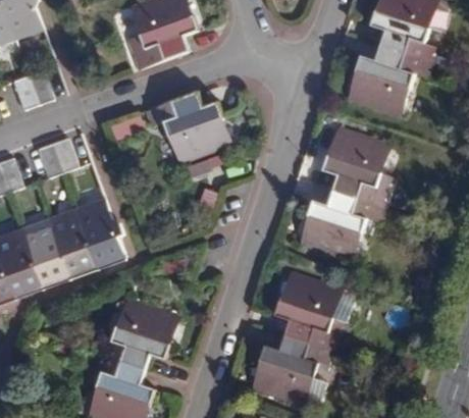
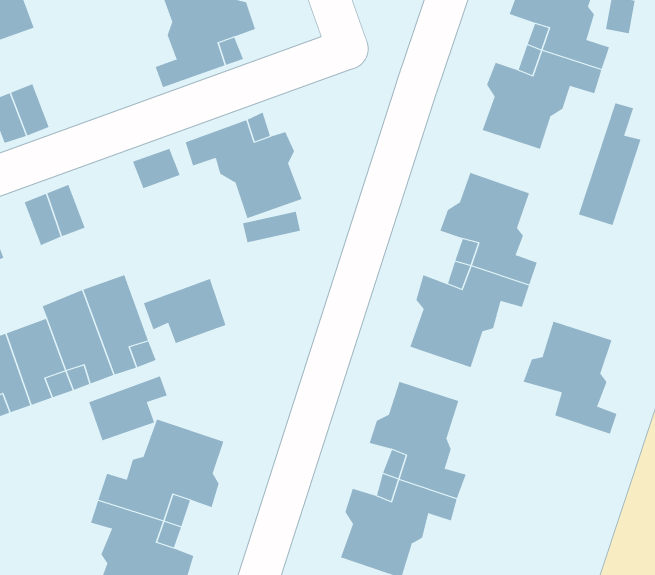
building: none -> [578,102,641,226]
building: none -> [143,278,226,344]
building: none -> [523,321,617,435]
building: none -> [88,376,167,441]

